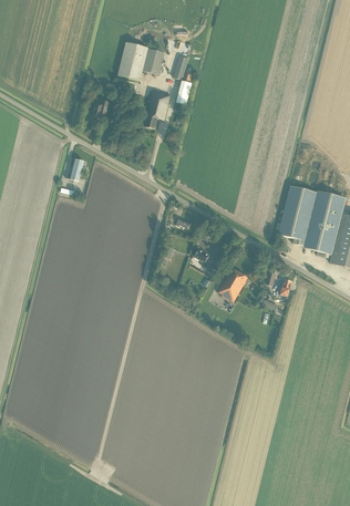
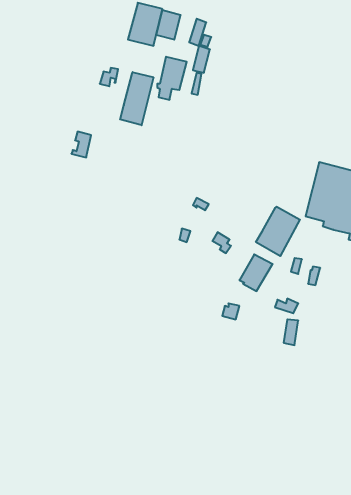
building: none -> [120,72,153,125]
building: none -> [256,207,300,256]

